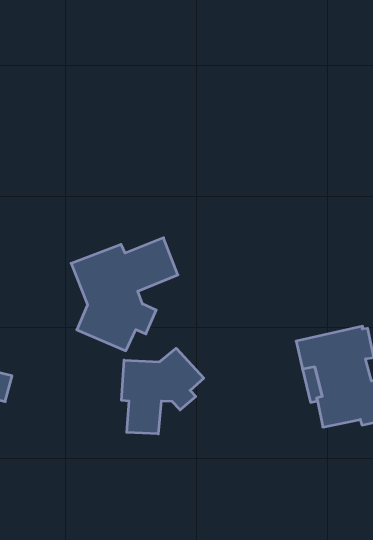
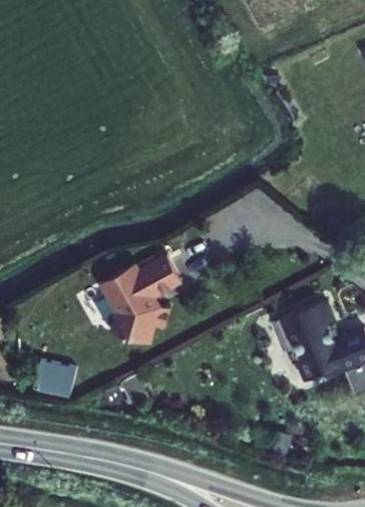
building: [122,348,204,434] -> none

